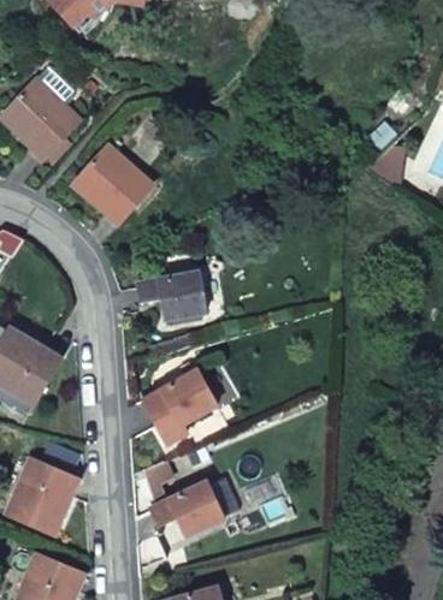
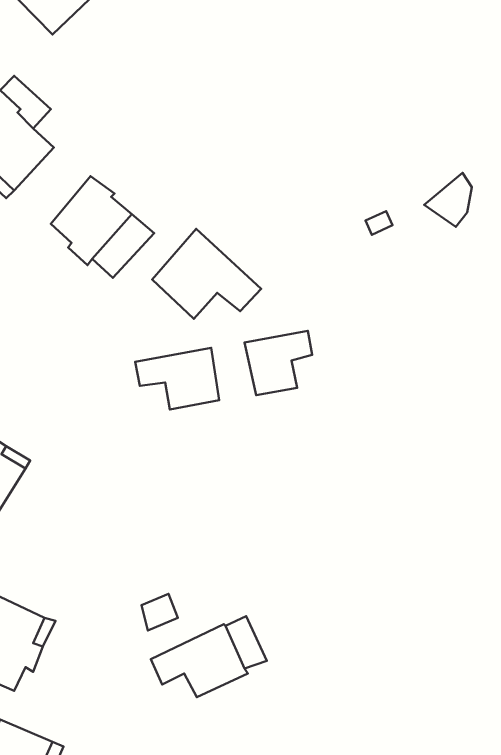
building: none -> [152,229,261,319]
building: none -> [245,331,312,395]
building: [142,369,217,444] -> none

